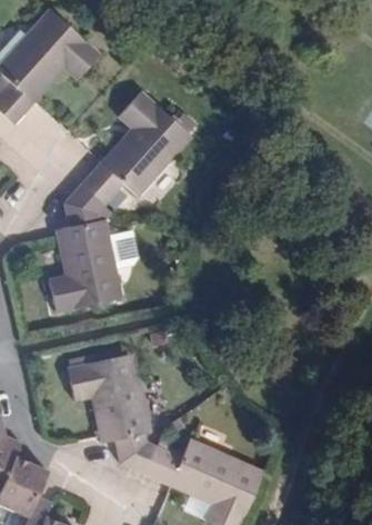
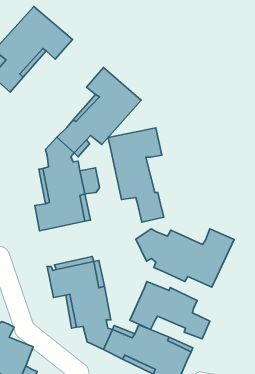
building: none -> [108,128,164,222]
building: none -> [136,229,234,287]
building: none -> [130,282,210,339]

